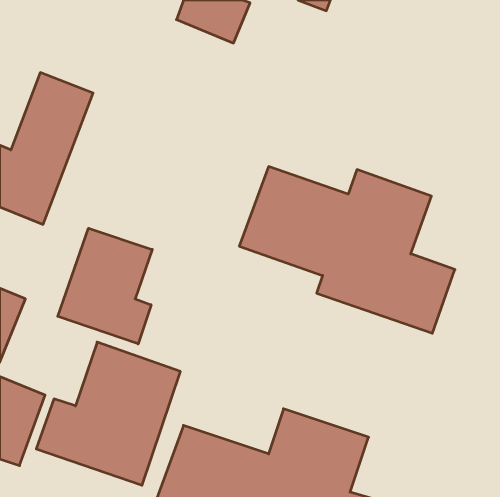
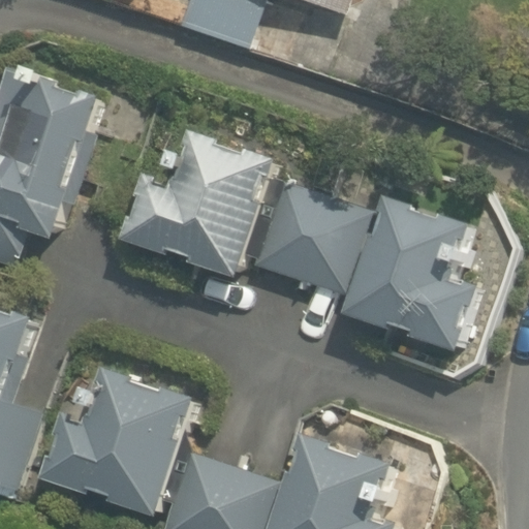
building: none -> [116,136,270,276]
building: [58,228,152,344] -> none

